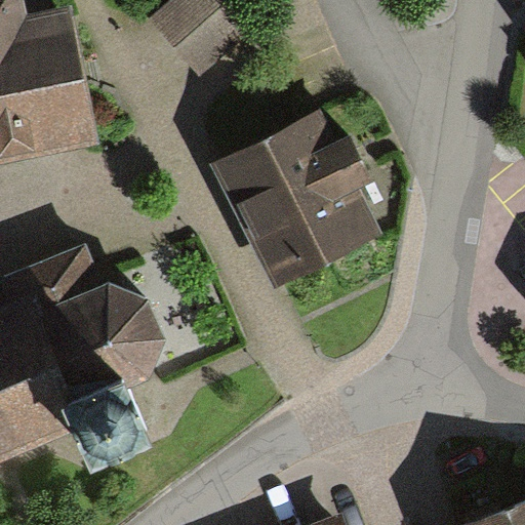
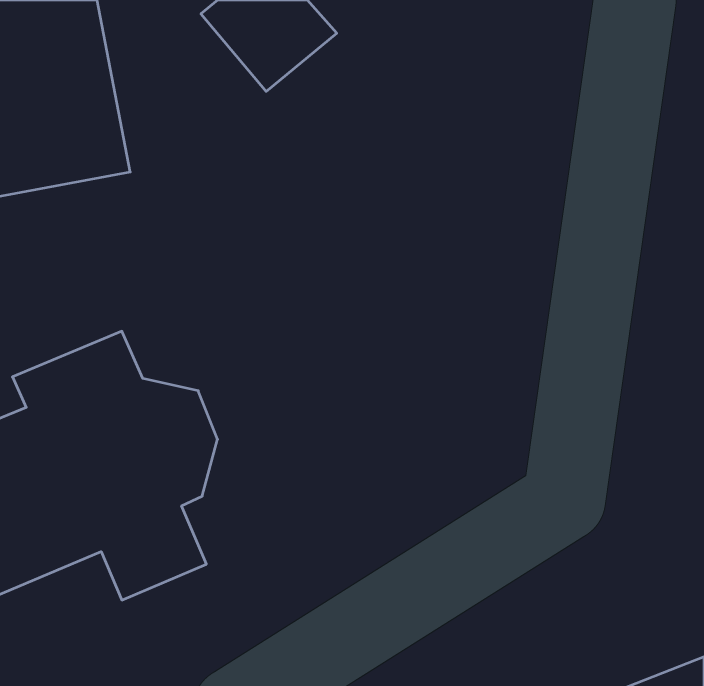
building: [209,107,381,287] -> none

